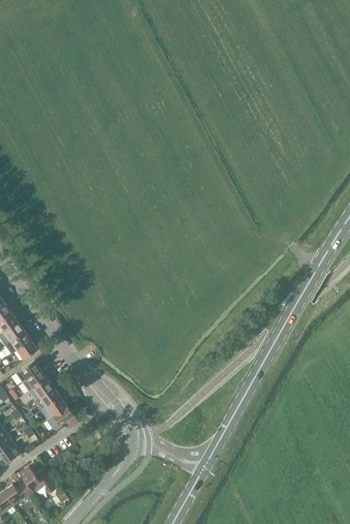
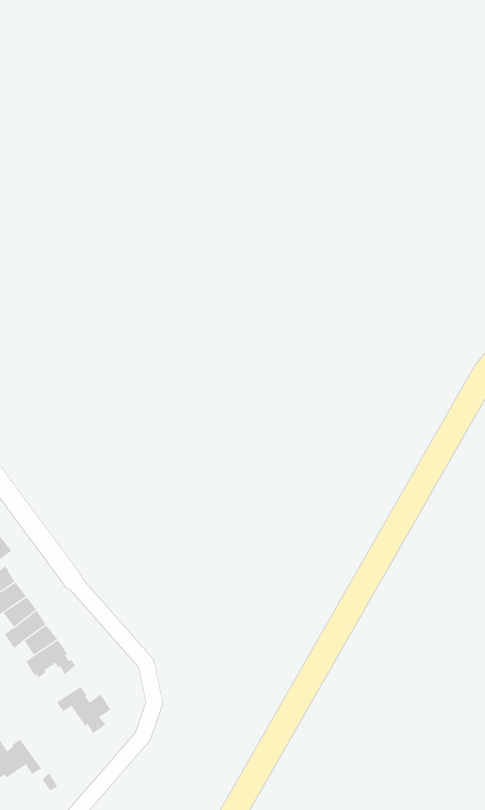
building: none -> [56,686,111,734]

